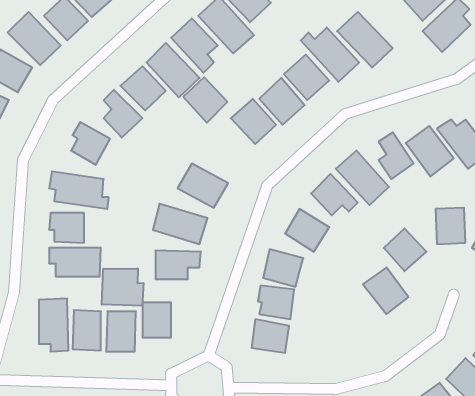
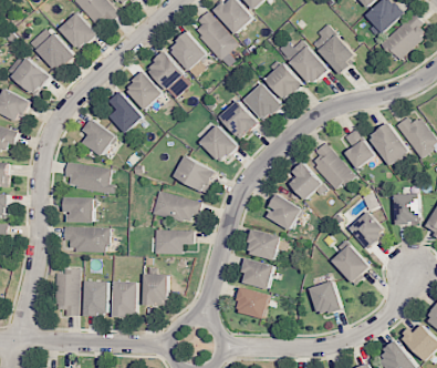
building: [183,77,227,123] -> [199,124,237,163]
building: [102,268,144,306] -> none
building: none -> [310,280,340,315]

